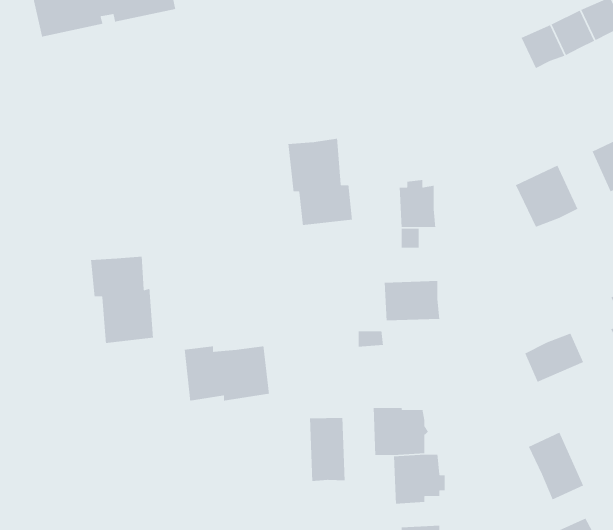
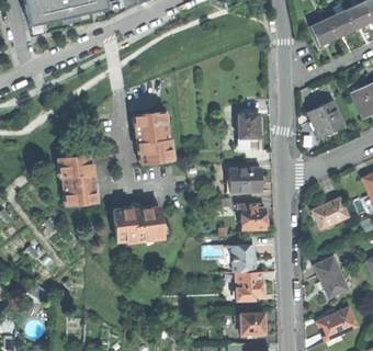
building: [287,138,353,226] -> [134,111,172,162]
building: none -> [242,202,269,228]
building: [309,417,346,482] -> none

